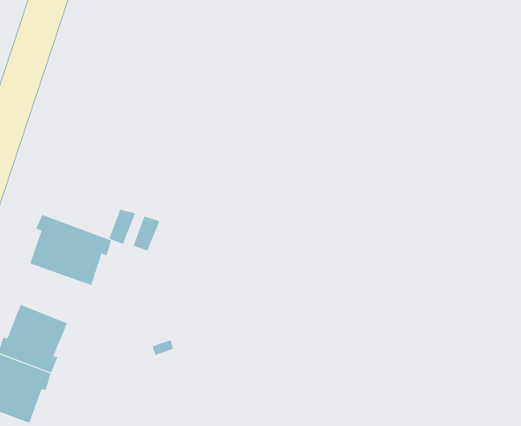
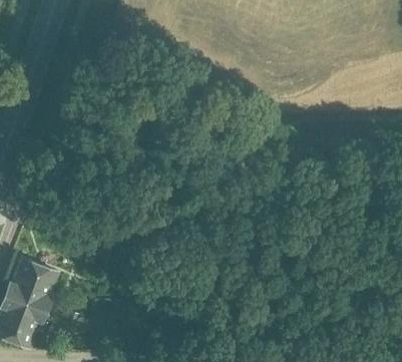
building: [30,214,112,286] -> none

